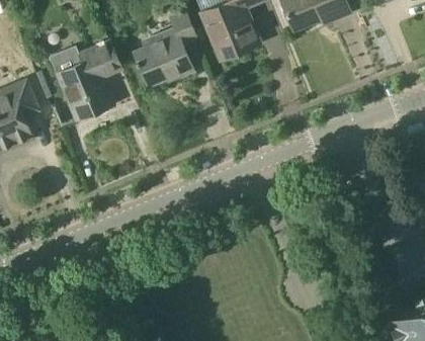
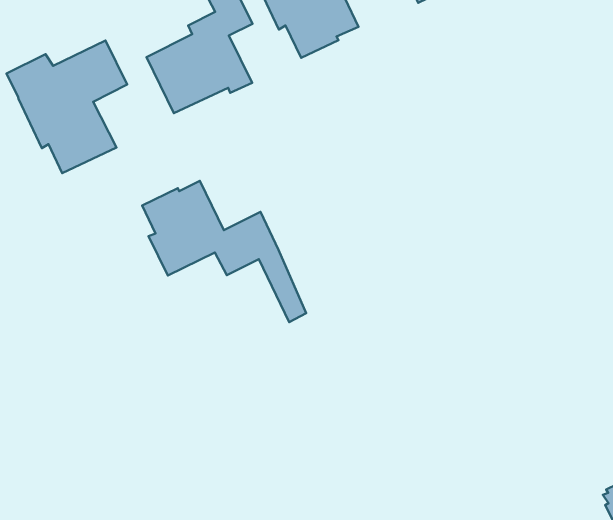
building: none -> [142,181,306,322]

